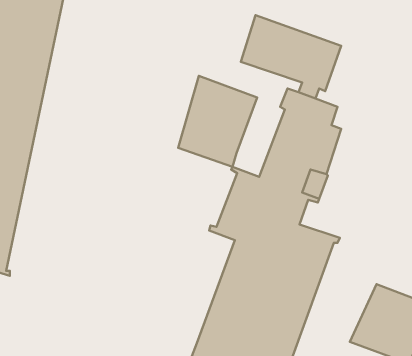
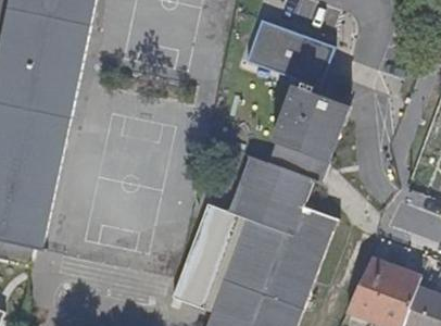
building: [178,76,257,167] -> none
building: none -> [172,204,245,311]

